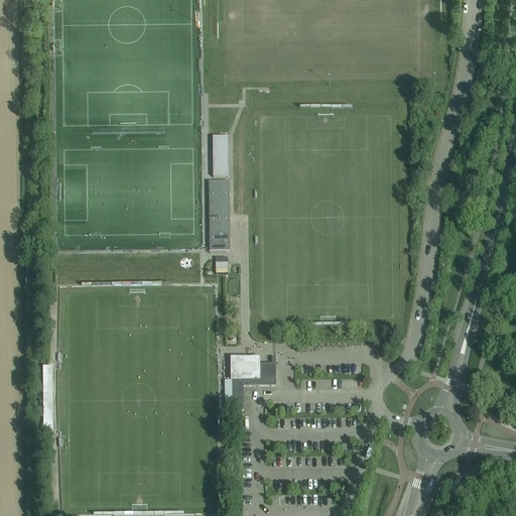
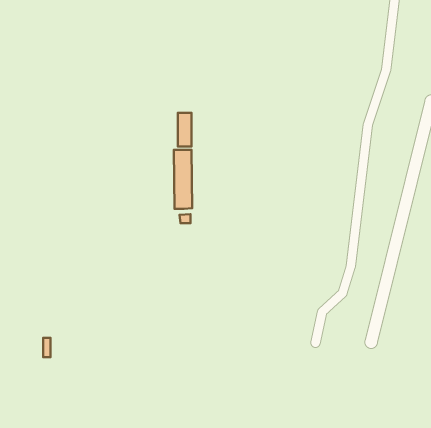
building: [231,356,275,408] -> none

